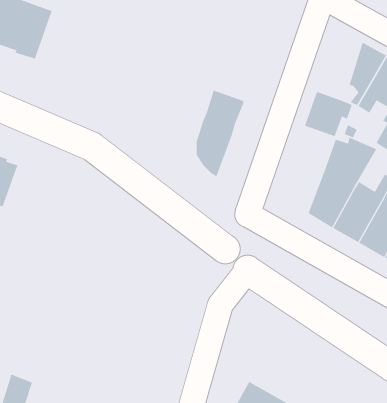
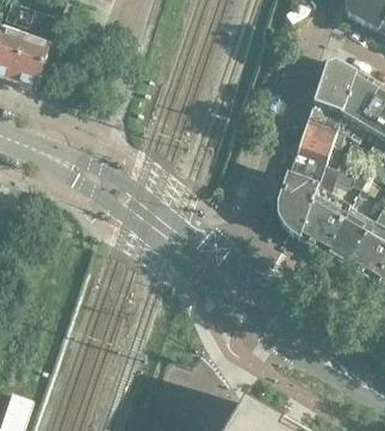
building: none -> [308,59,352,127]
building: [196,90,244,177] -> [279,150,325,235]

